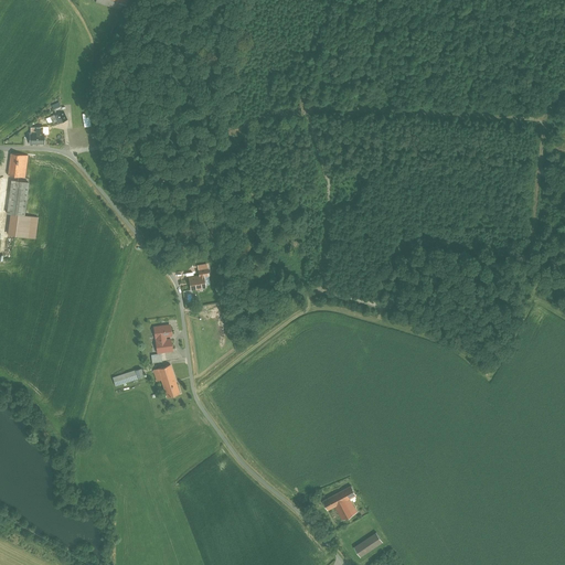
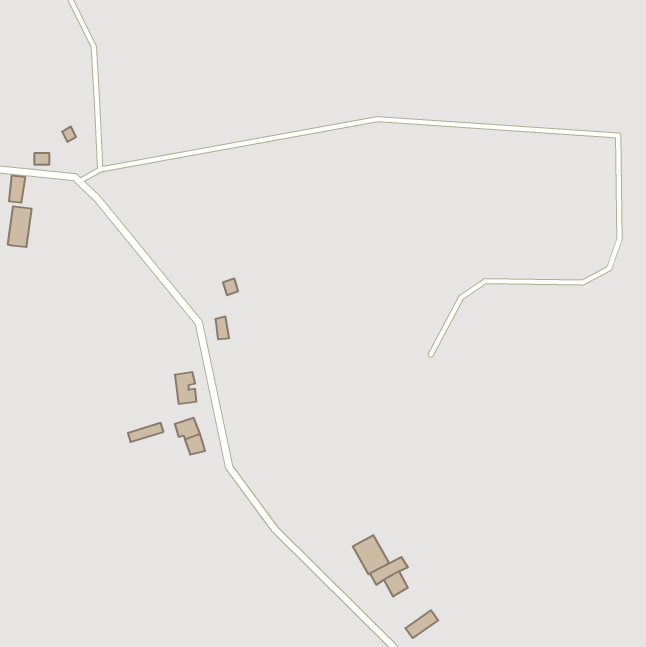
building: [8,214,36,238] -> none
building: none -> [353,535,389,574]

